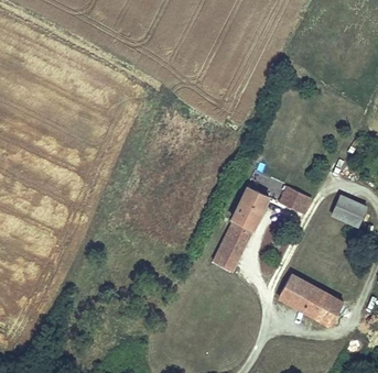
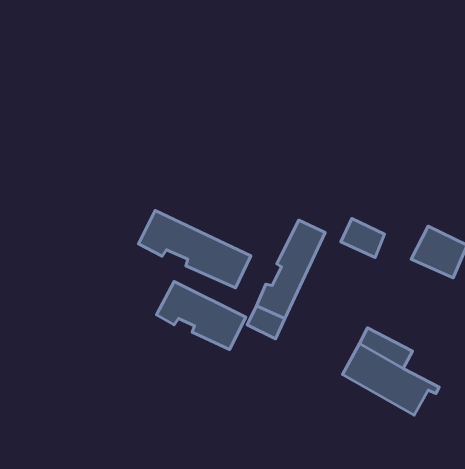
building: none -> [138,211,251,288]
building: none -> [157,281,246,350]

